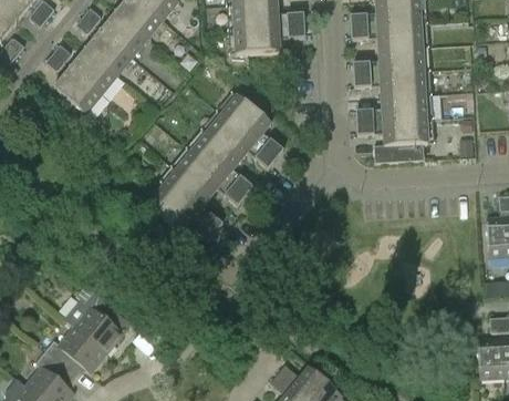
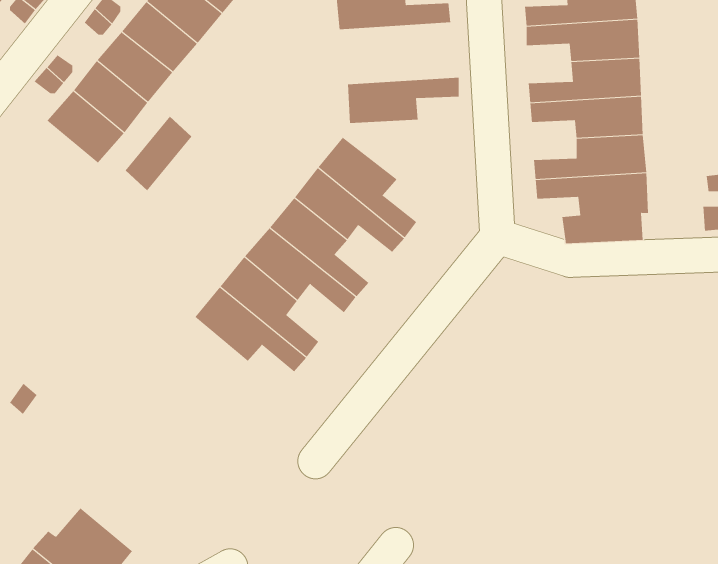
building: [235,25,304,54] -> [347,77,460,124]
building: none -> [125,116,192,191]
building: [64,294,132,354] -> none

